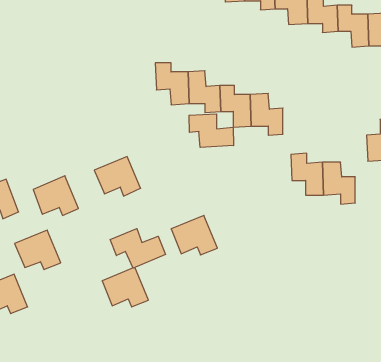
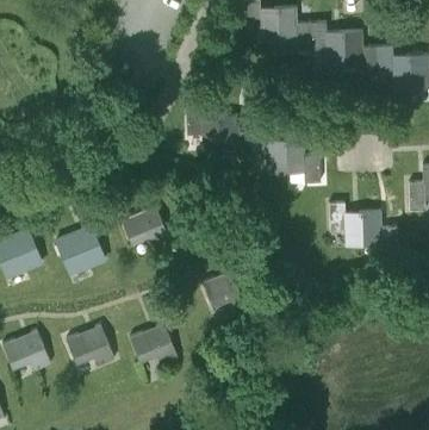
building: [189,114,234,147] -> none
building: [110,229,165,268] -> none
building: [15,230,61,270] -> [66,325,114,367]

